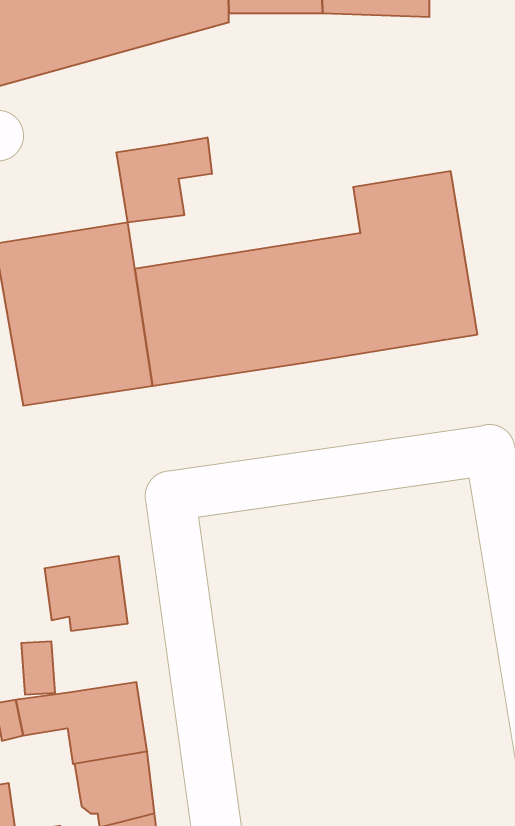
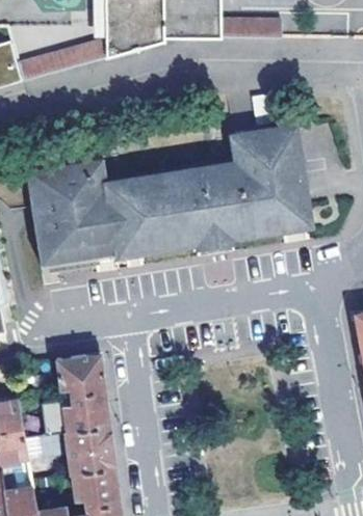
building: [117,137,212,223] -> none
building: none -> [63,392,108,433]

